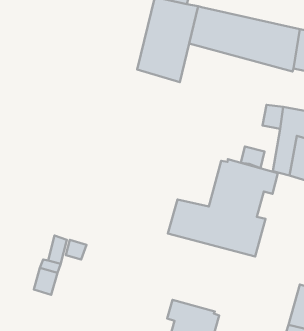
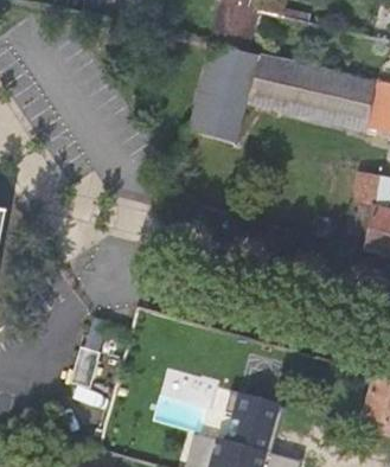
building: [168,159,278,257] -> none

